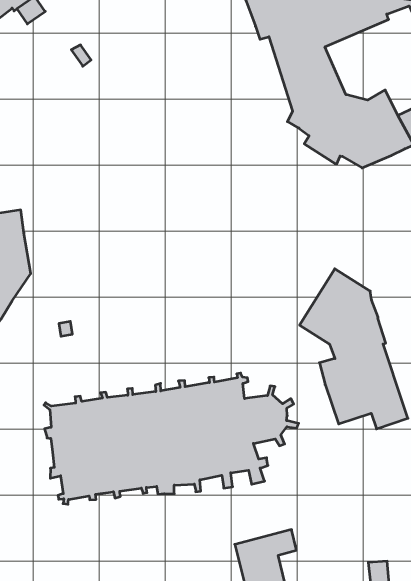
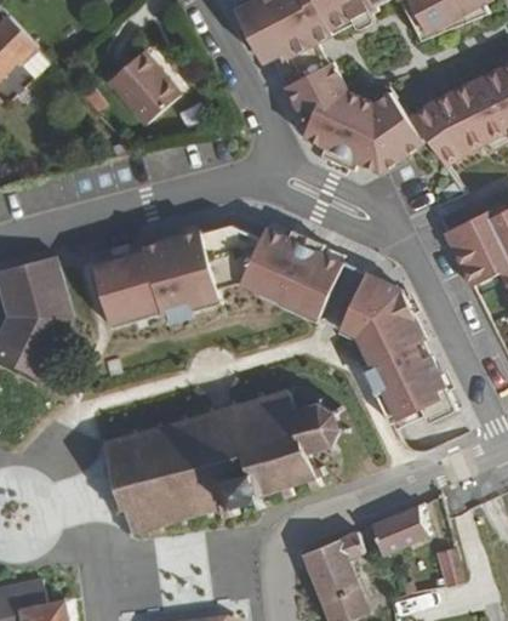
building: none -> [109,49,182,124]
building: none -> [92,226,344,327]
building: none -> [372,502,428,554]

